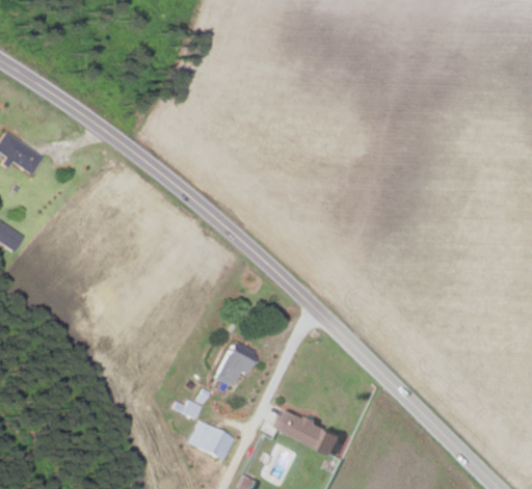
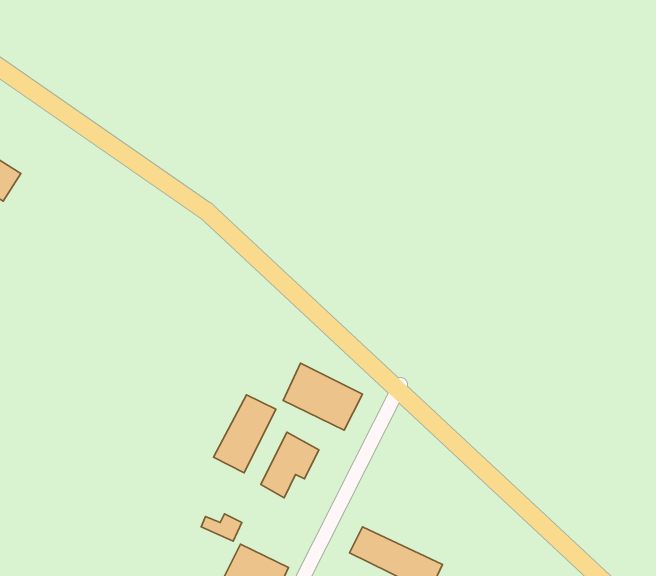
building: none -> [283,363,363,430]
building: none -> [214,395,276,473]

